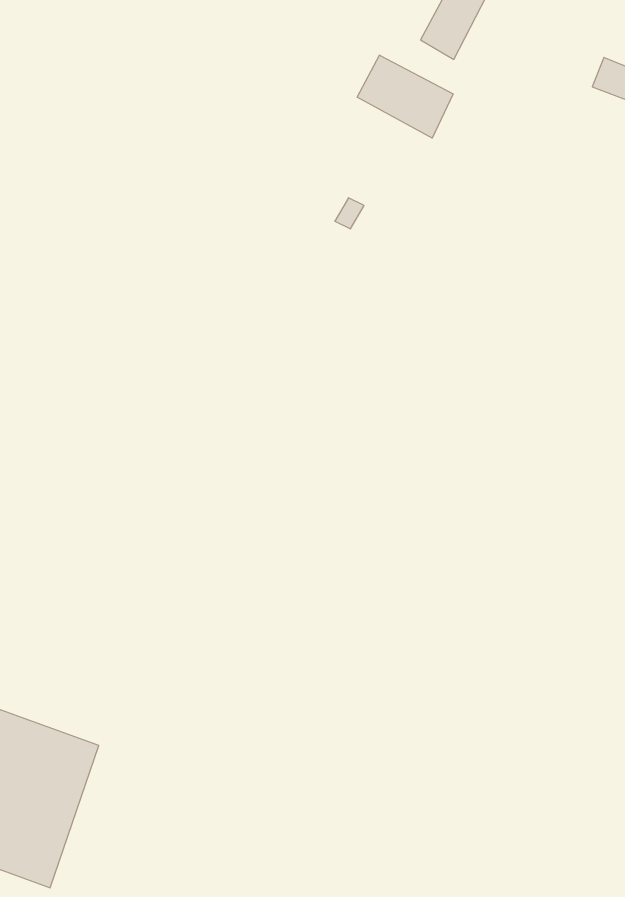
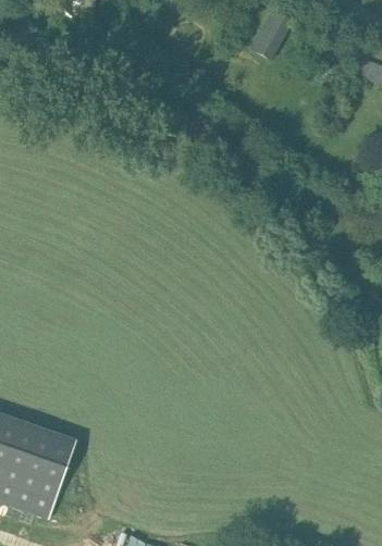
building: [357,55,453,138] -> none

